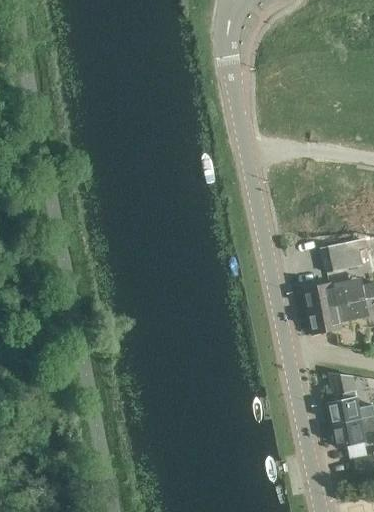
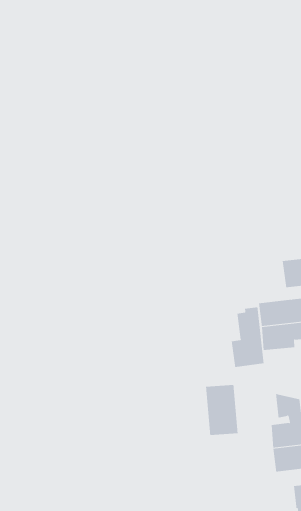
building: none -> [231,307,264,368]
building: none -> [205,384,238,436]

